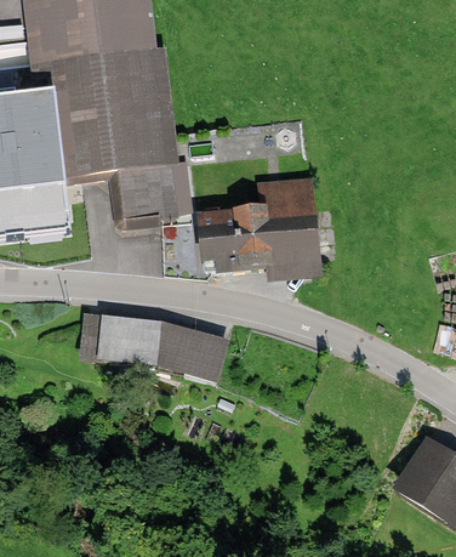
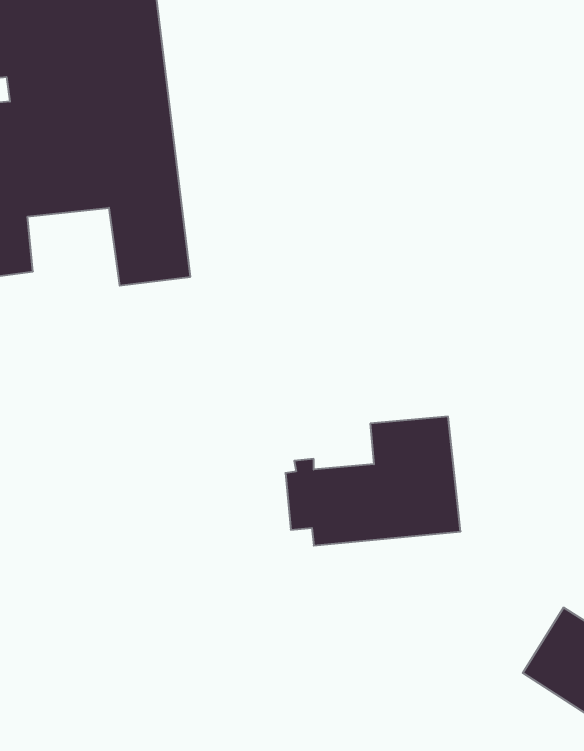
building: [201,177,321,266] -> [285,417,461,546]
building: [84,318,228,377] -> none

